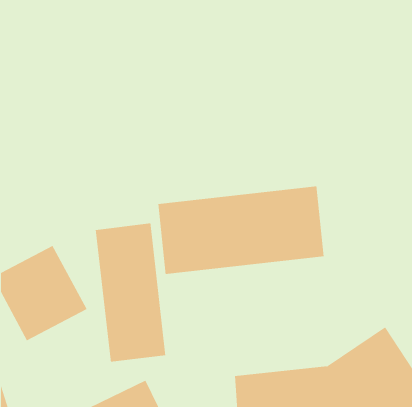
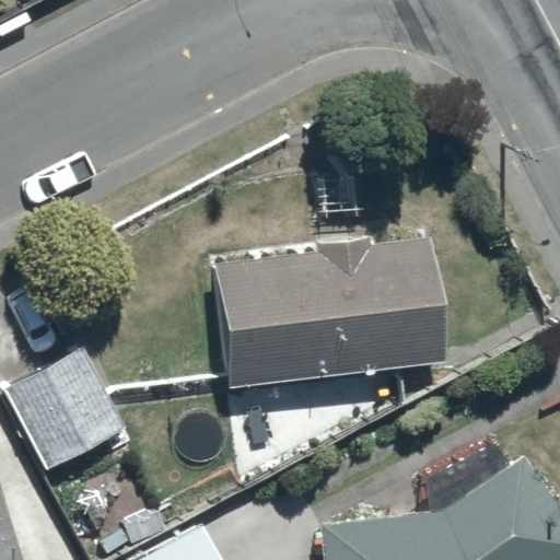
building: [95,223,166,363] -> none

